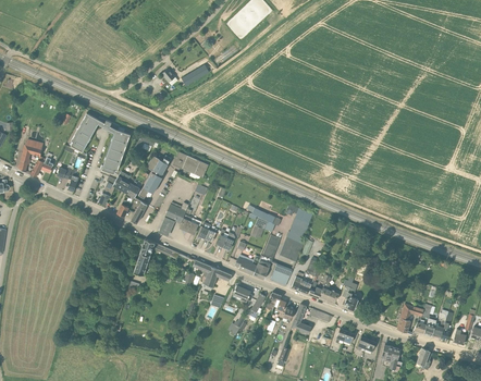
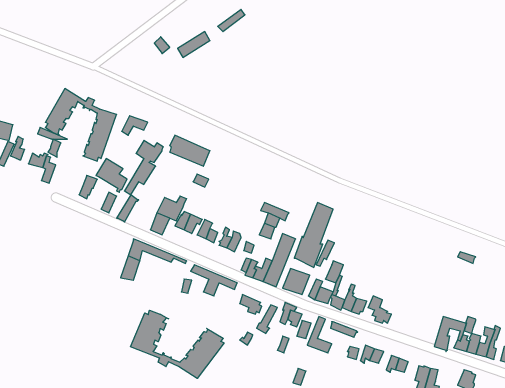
building: none -> [131,310,224,378]

